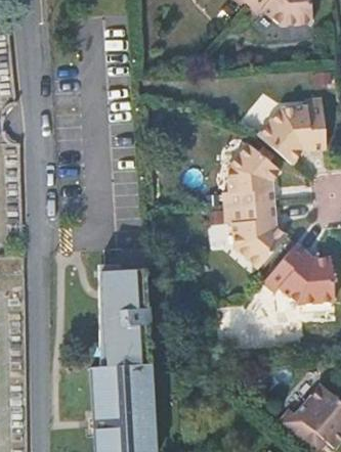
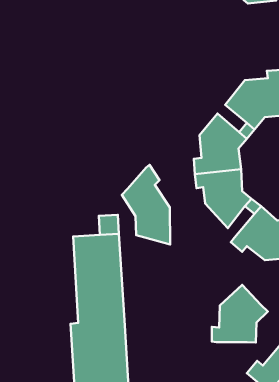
building: none -> [122,165,170,245]
building: none -> [212,285,268,343]

